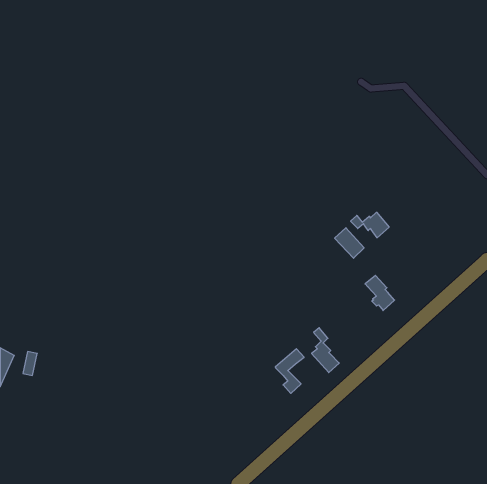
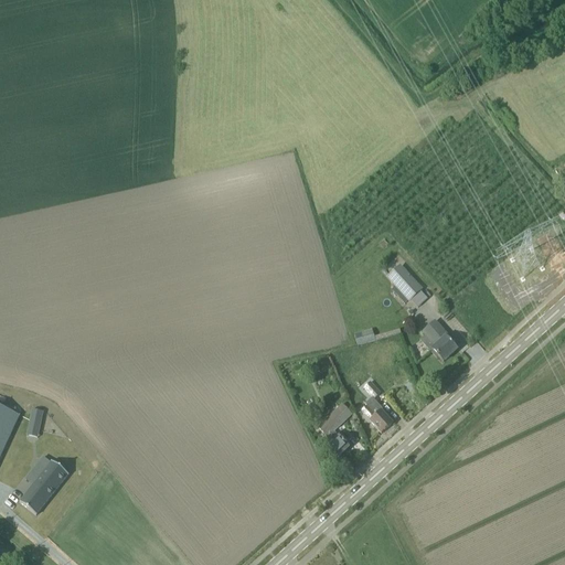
building: [351,212,389,238] -> none
building: none -> [18,455,66,514]

